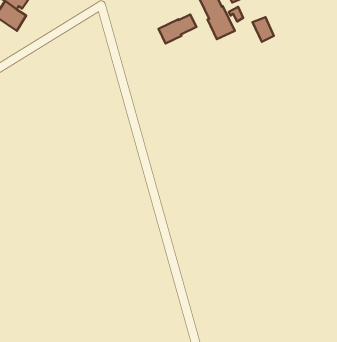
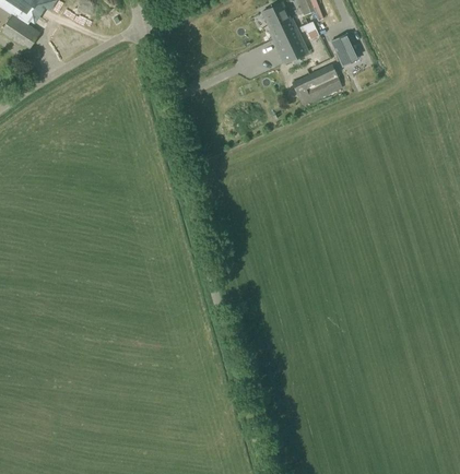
building: [158,14,197,43] -> none
building: none -> [292,64,342,108]

